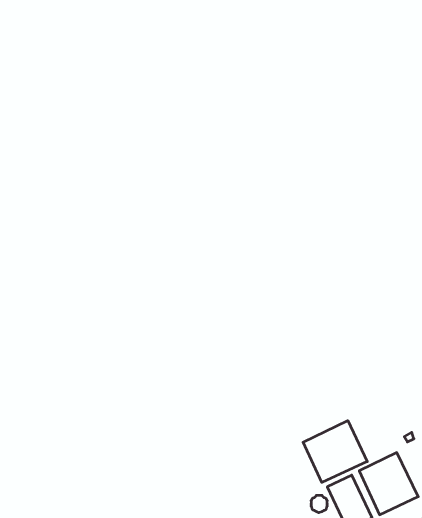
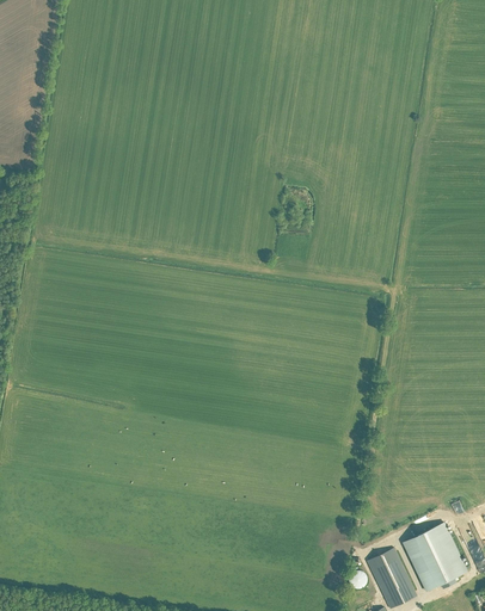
building: [303,421,367,482] -> none

